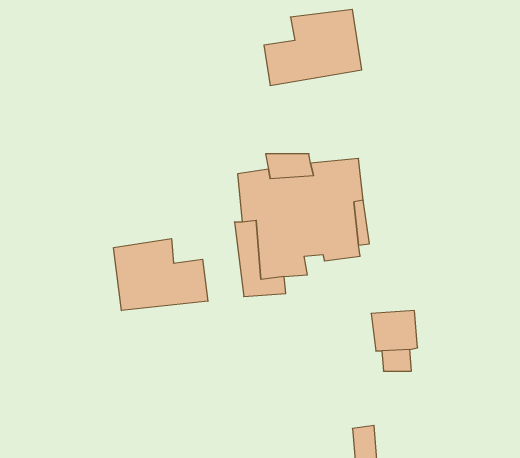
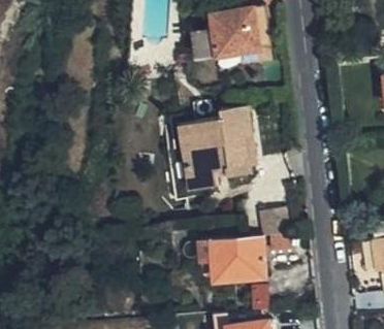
building: [114,239,208,311] -> none
building: none -> [199,236,262,281]

